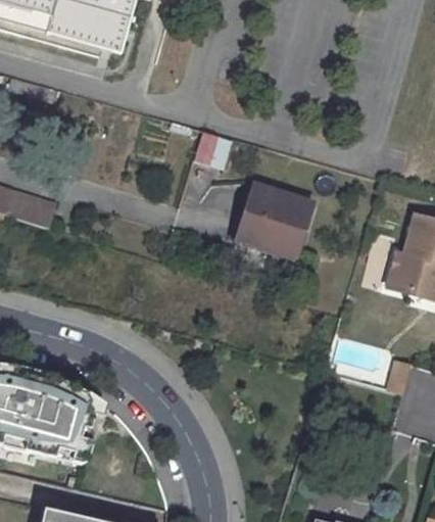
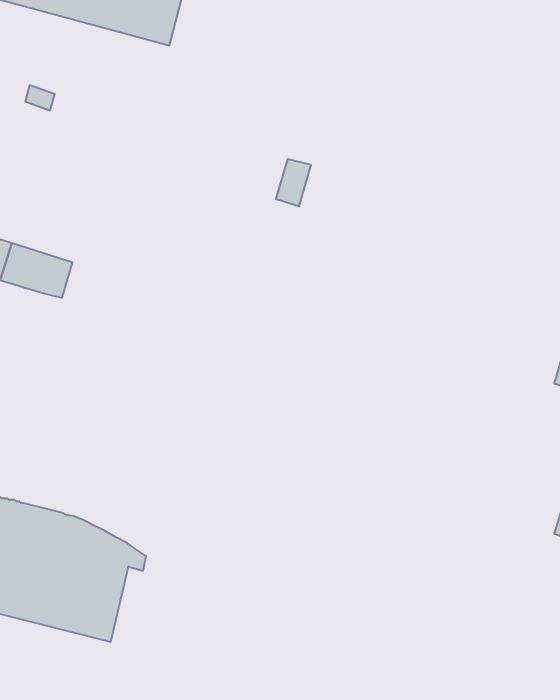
building: [232,183,312,278] -> none

